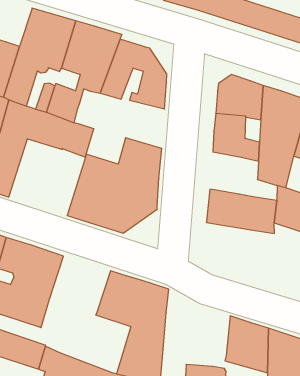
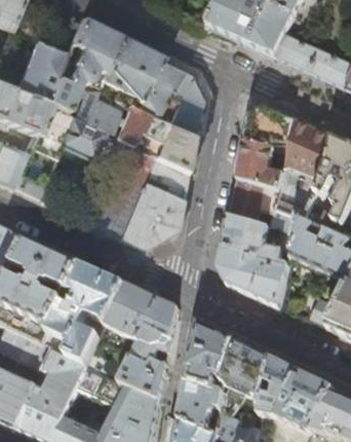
building: none -> [112,106,196,170]
building: none -> [231,179,297,233]
building: none -> [221,247,288,307]
building: none -> [49,263,125,367]
building: none -> [188,324,236,388]

